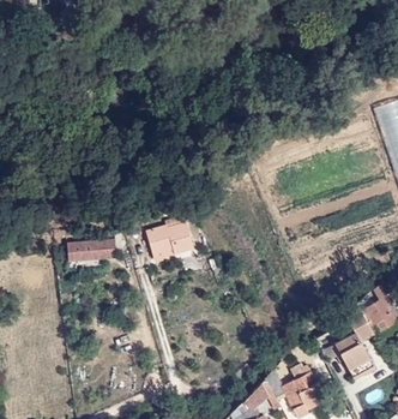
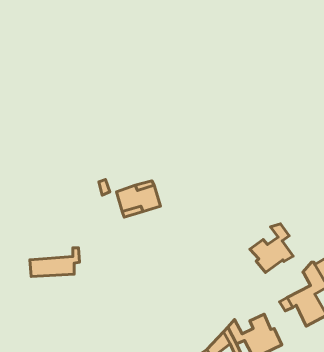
building: [66,228,120,259] -> [30,248,80,276]
building: none -> [250,224,293,272]

